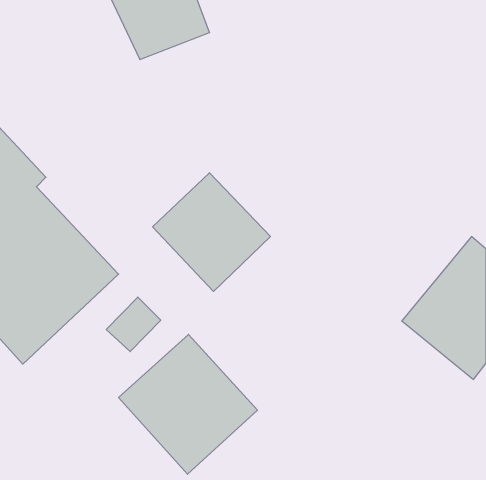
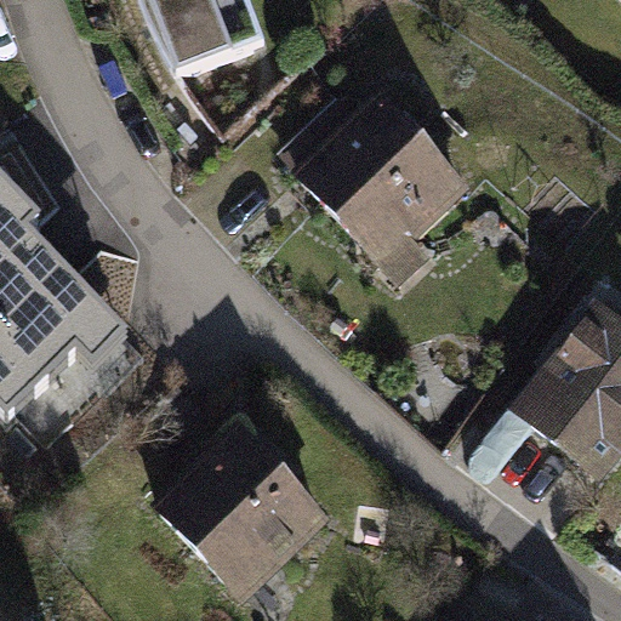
building: none -> [292,86,471,280]
building: [153,173,270,291] -> none

